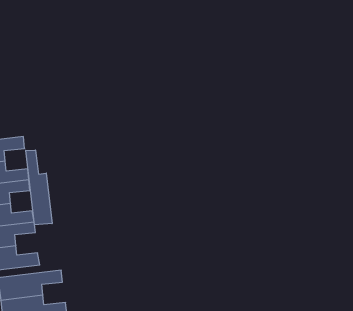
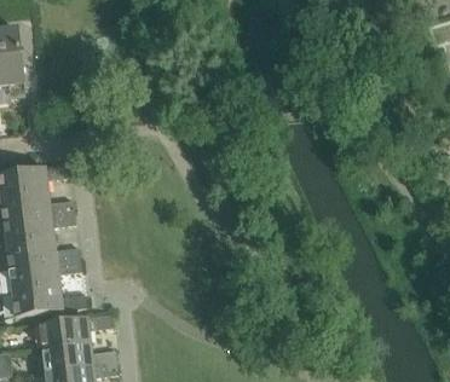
building: [26,150,52,225] -> none

